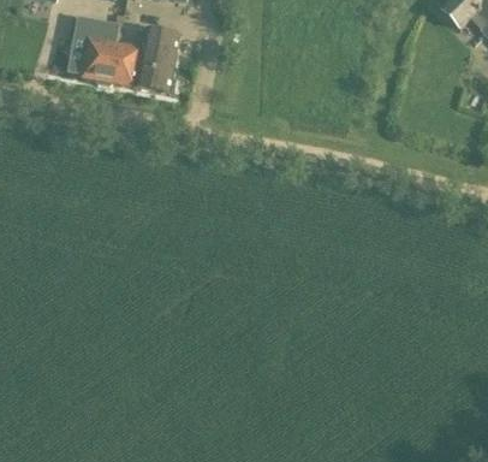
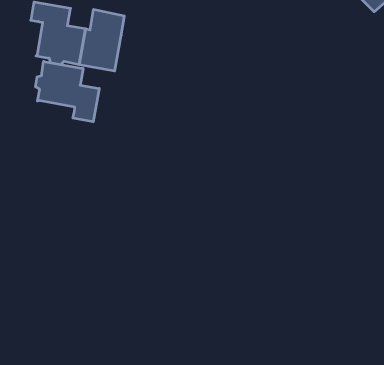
building: none -> [36,61,99,122]

